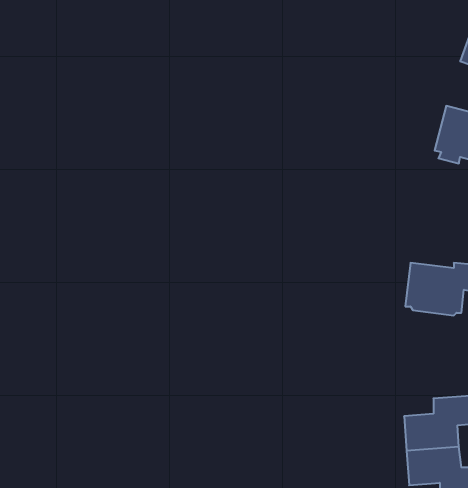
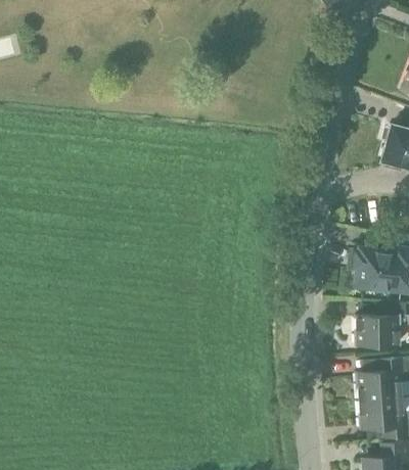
building: none -> [356,316,399,344]

